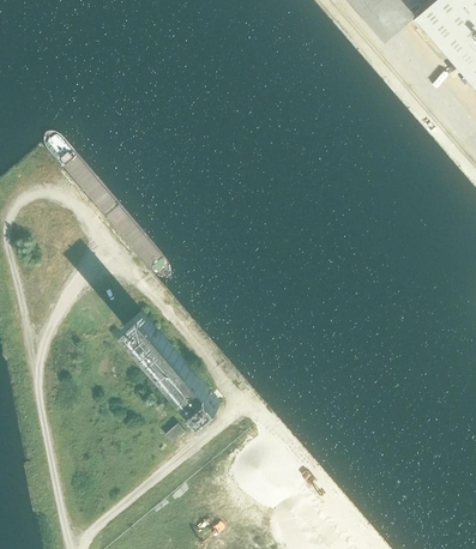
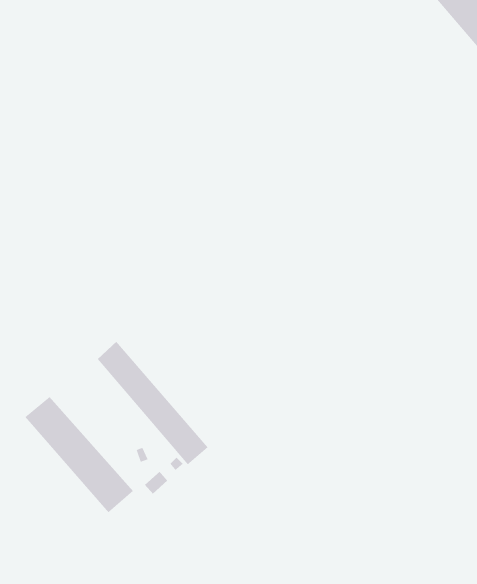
building: none -> [25,396,134,513]

